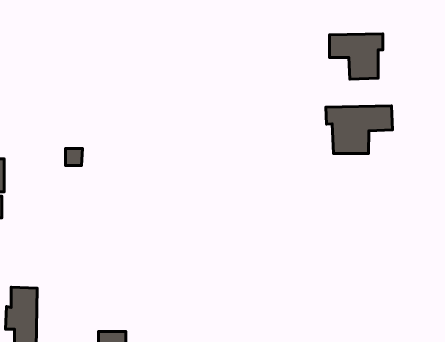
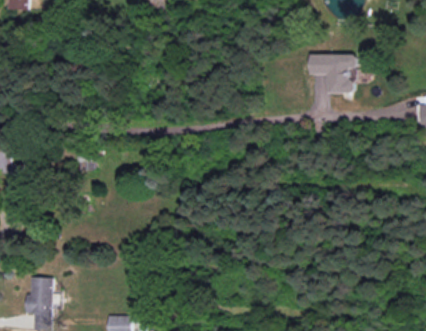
building: [326,106,392,154] -> none

